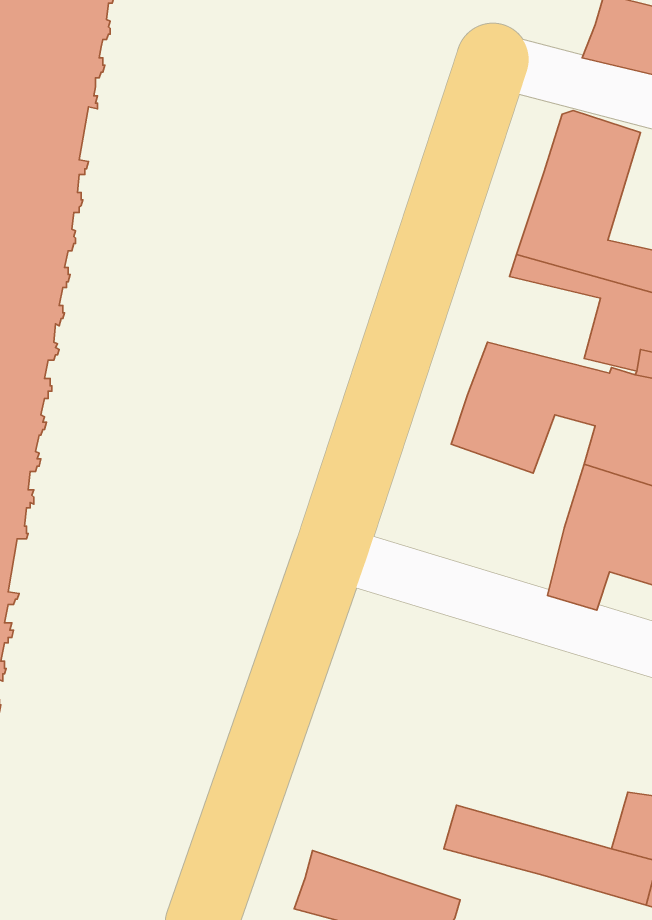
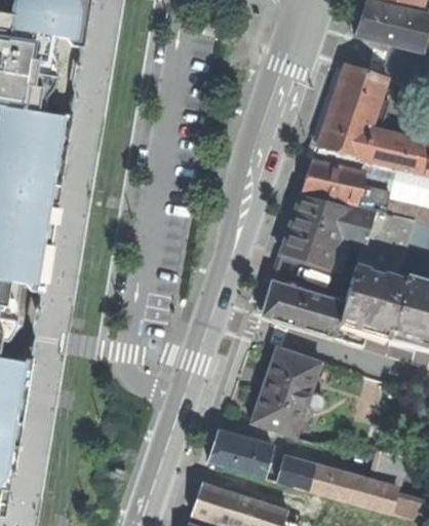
building: none -> [300,158,363,206]
building: none -> [259,279,343,338]
building: none -> [248,346,319,437]
building: none -> [207,431,272,478]

